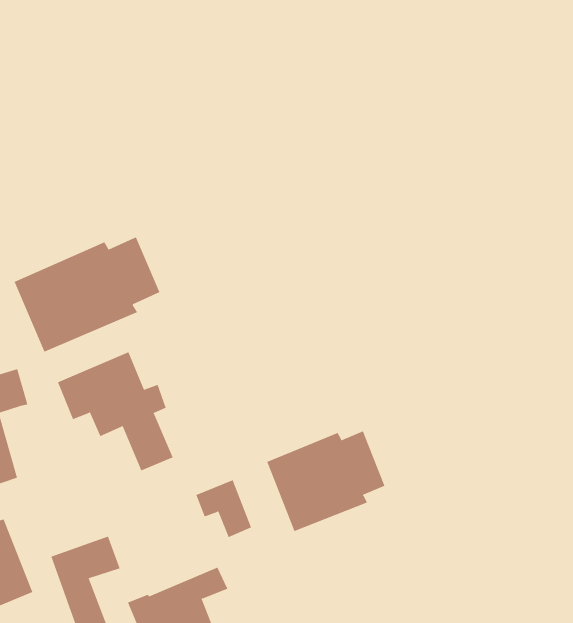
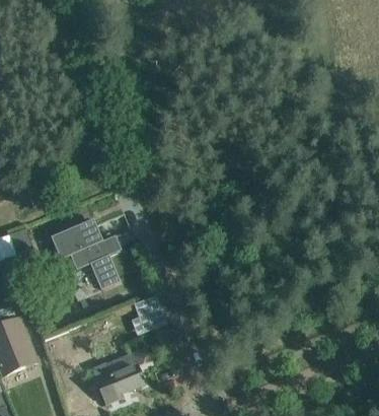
building: [14,236,160,352] -> none
building: [267,431,385,532] -> none

